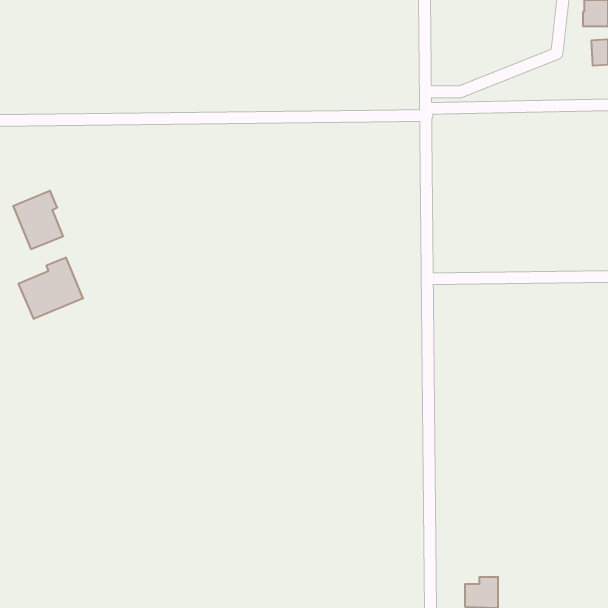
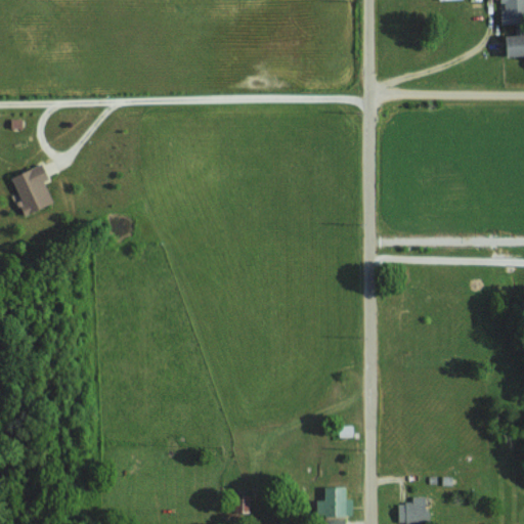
building: [19,257,83,319] -> none
building: none -> [316,486,346,517]

